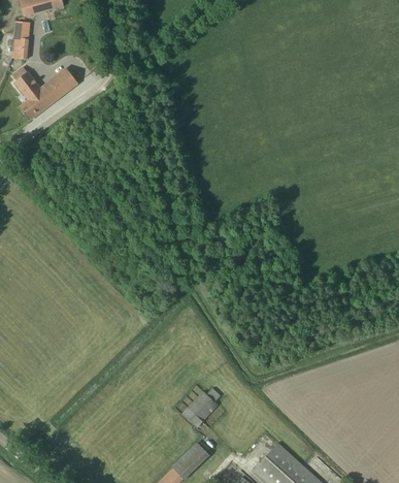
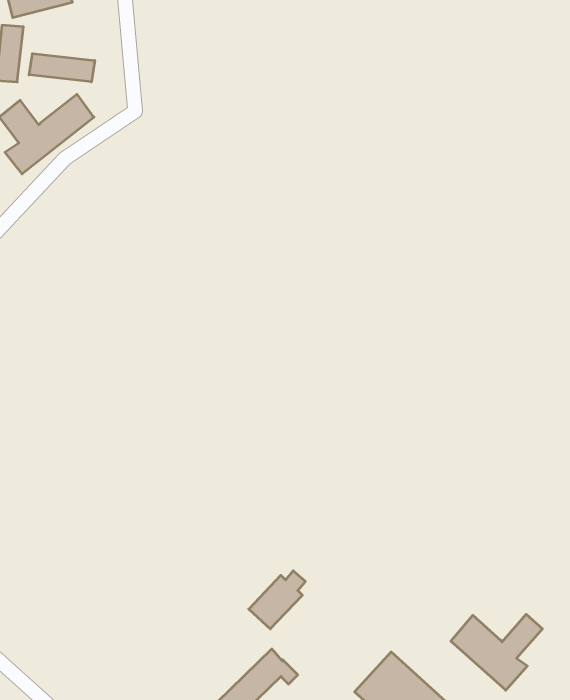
building: none -> [29,54,95,82]
building: none -> [451,614,542,690]

